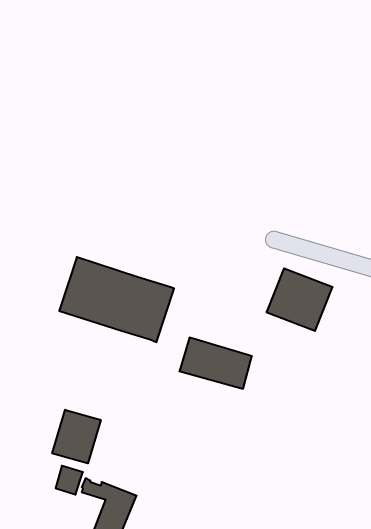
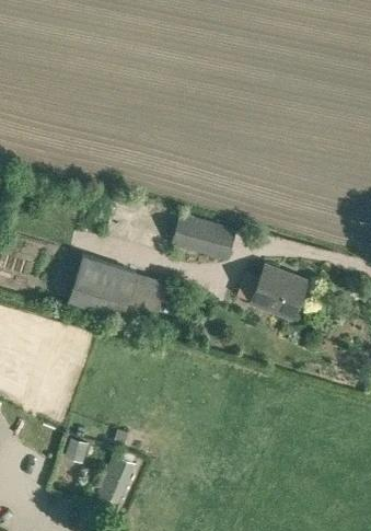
building: [179,338,252,389] -> [173,213,236,258]
building: [52,410,101,463] -> none

